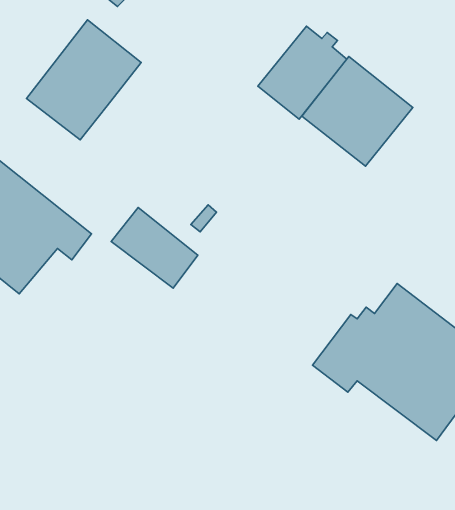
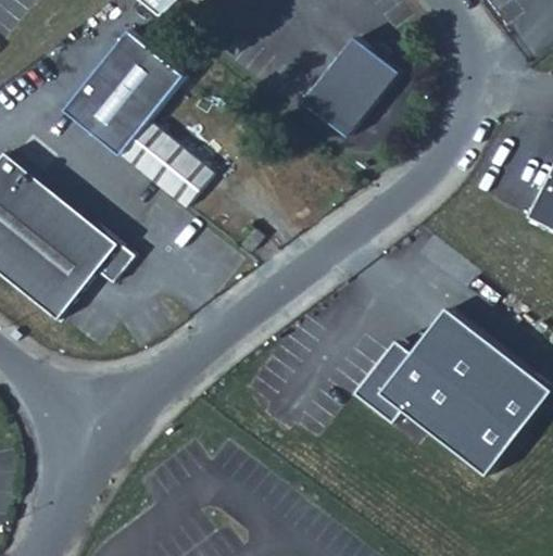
building: [302,56,413,166] -> none
building: [111,208,198,288] -> [117,121,209,205]

